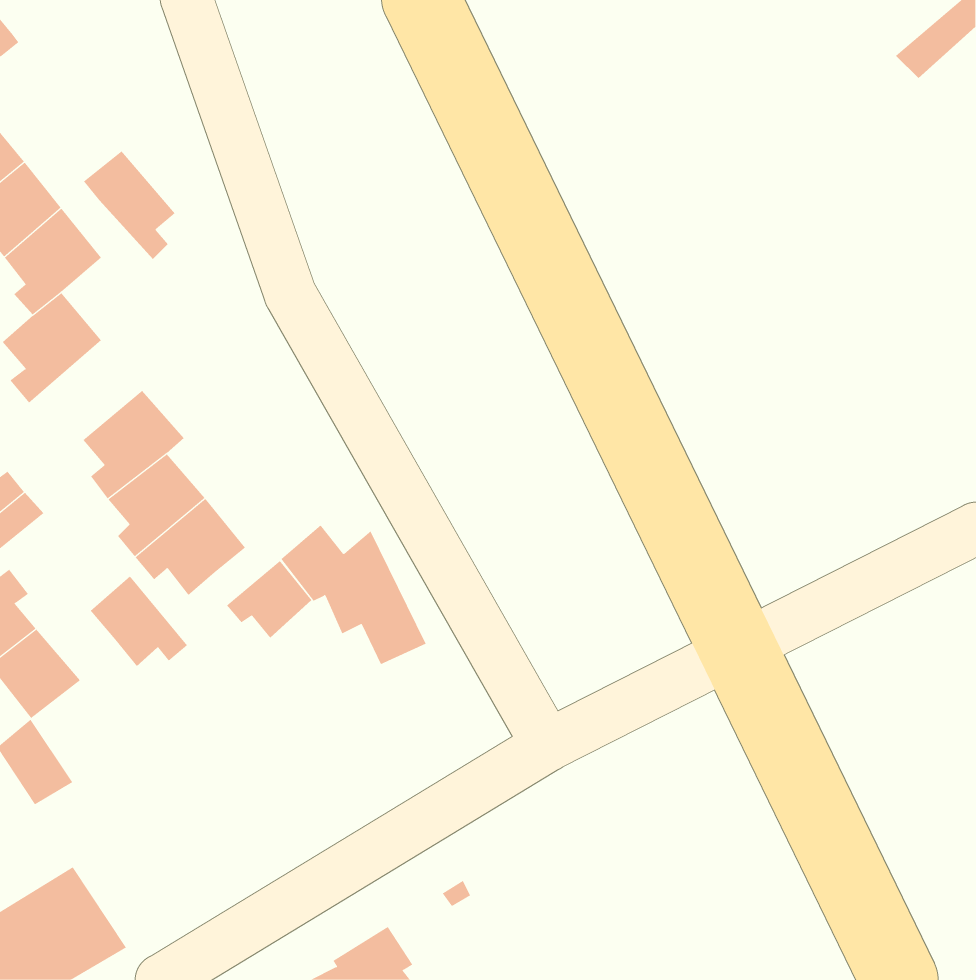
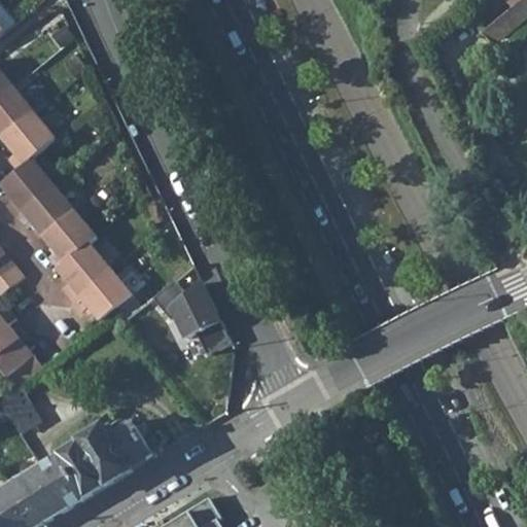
building: [83,151,175,260] -> none
building: none -> [15,182,76,236]
building: [226,560,312,638] -> none
building: [90,576,188,667] -> none
building: none -> [39,425,151,507]

